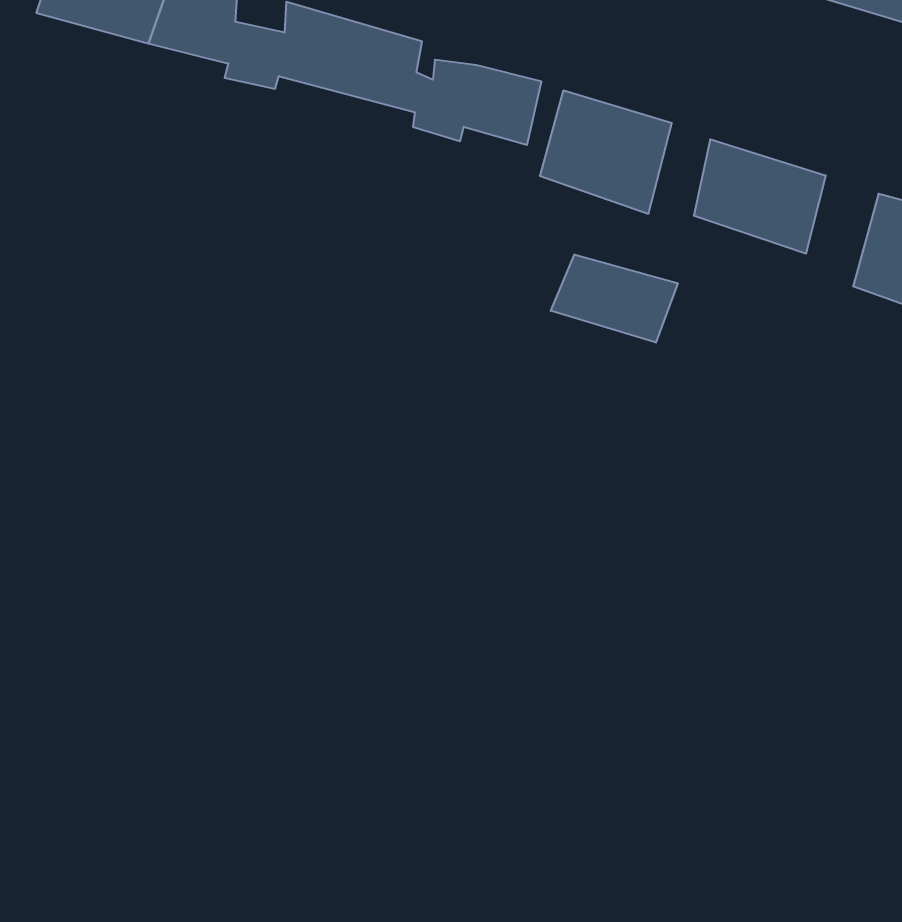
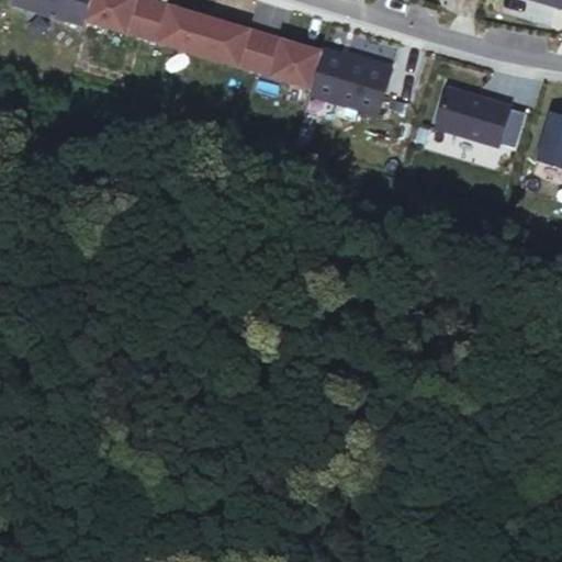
building: [551,254,678,343] -> none

